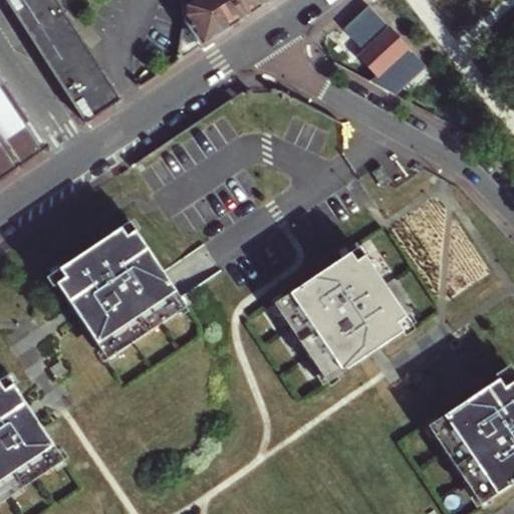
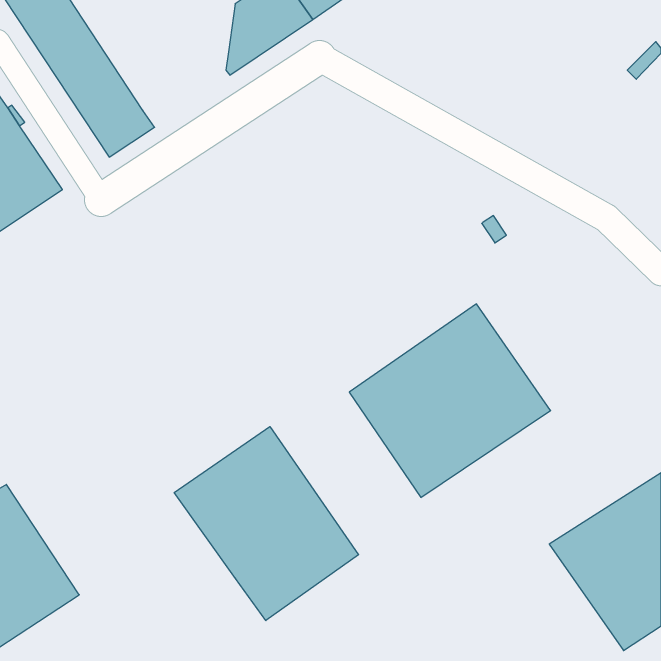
building: [340,22,418,85] -> none
building: [49,217,186,359] -> none
building: none -> [174,427,359,621]

